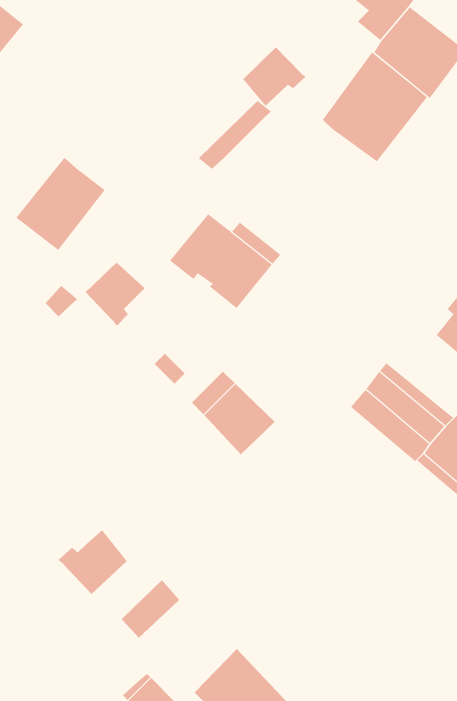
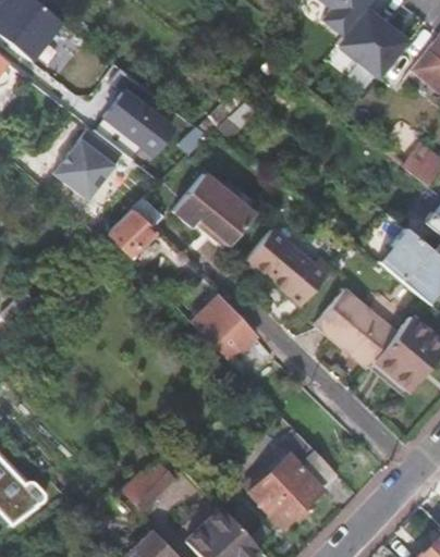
building: [243,47,307,107] -> none
building: [322,51,428,162] -> none
building: none -> [101,67,171,159]
building: none -> [244,228,328,305]
building: [57,529,128,595] -> none
building: none -> [250,448,340,527]

